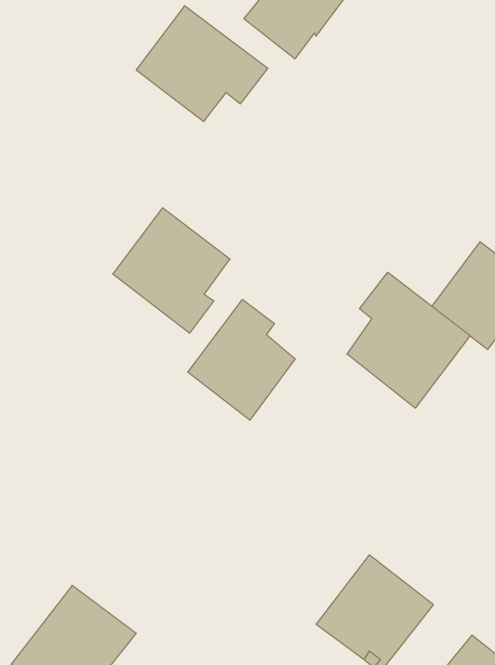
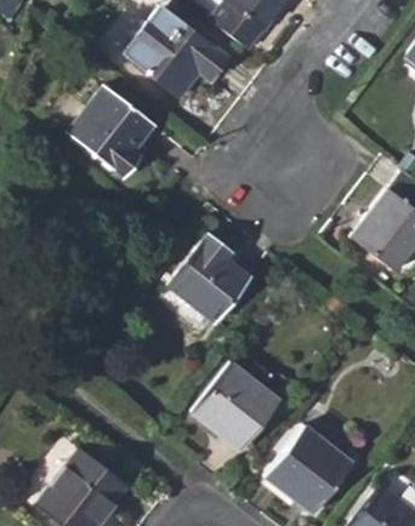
building: [113,208,230,333] -> [67,84,155,178]
building: [347,272,470,408] -> none
building: none -> [192,362,279,450]

